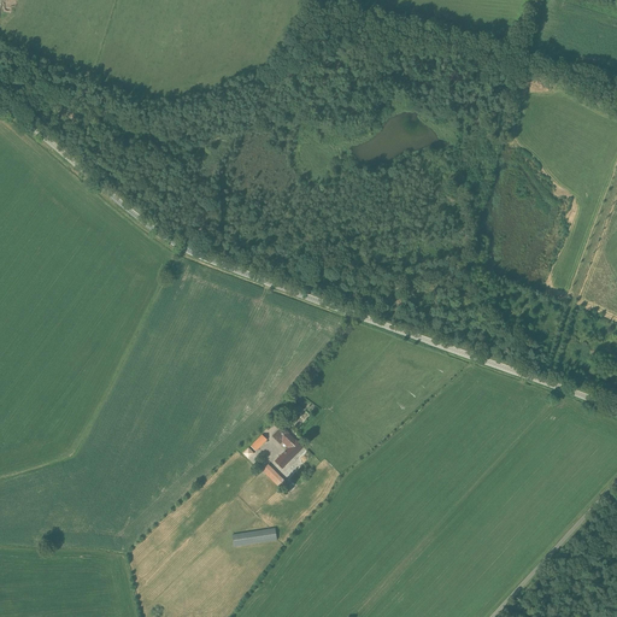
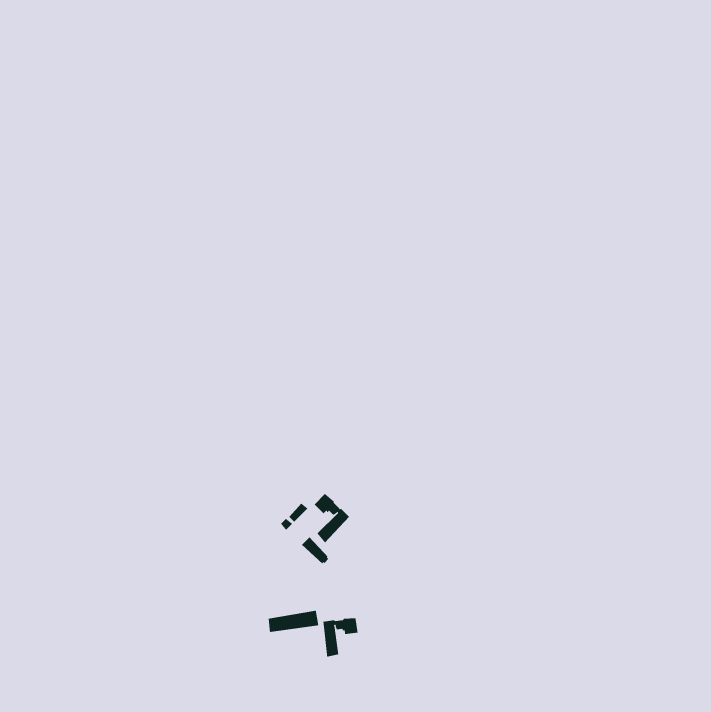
building: none -> [323,618,358,657]

